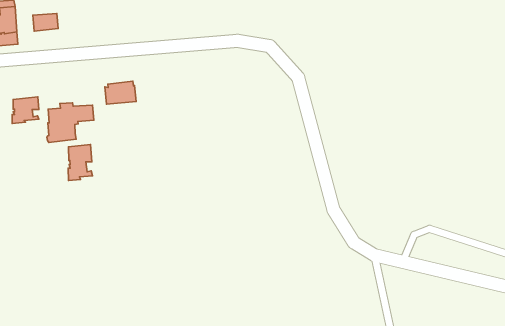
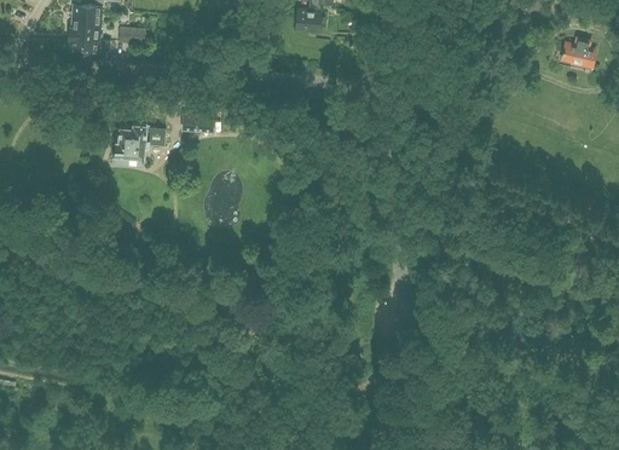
building: [12,97,39,124] -> none
building: [68,144,92,181] -> none

